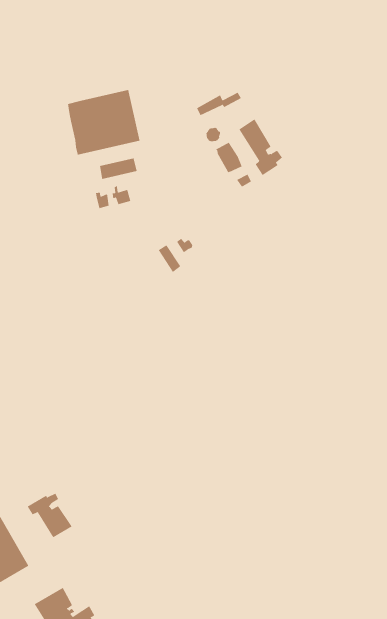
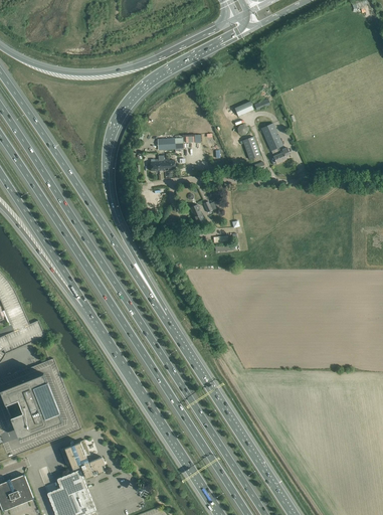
building: [68,89,140,156] -> none
building: [27,493,72,538] -> none

